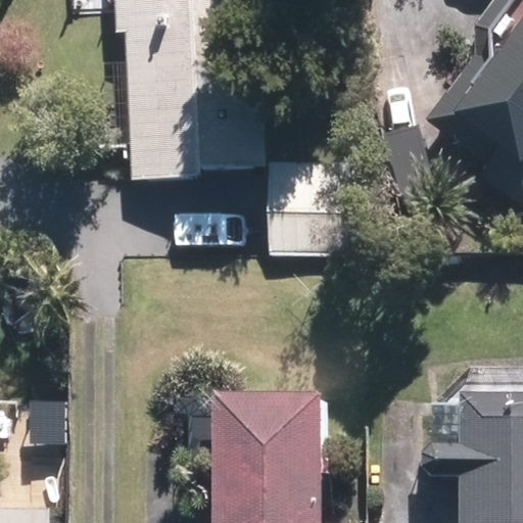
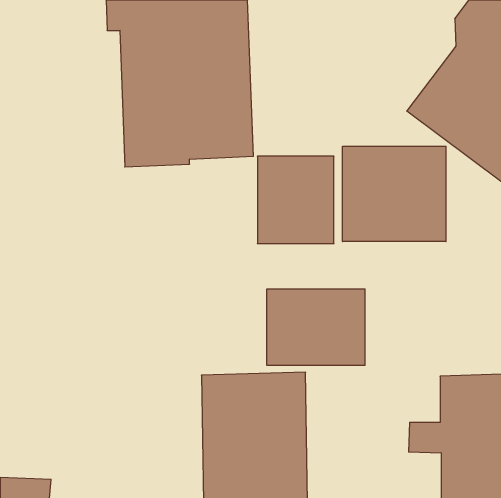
building: none -> [343,146,446,242]
building: none -> [267,289,365,365]

